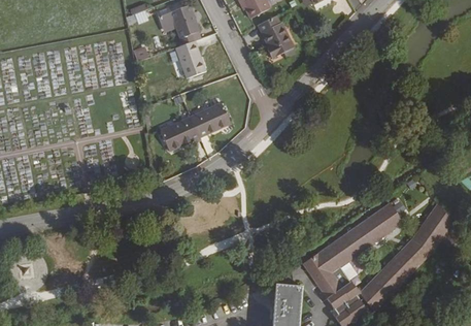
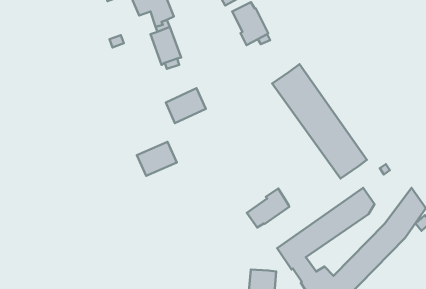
building: none -> [272,64,367,179]
building: [160,116,200,150] -> [137,142,177,176]
building: none -> [247,188,289,227]

